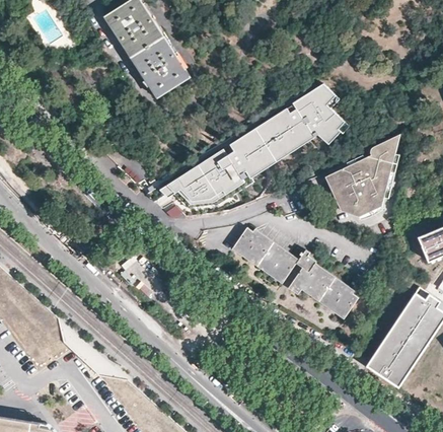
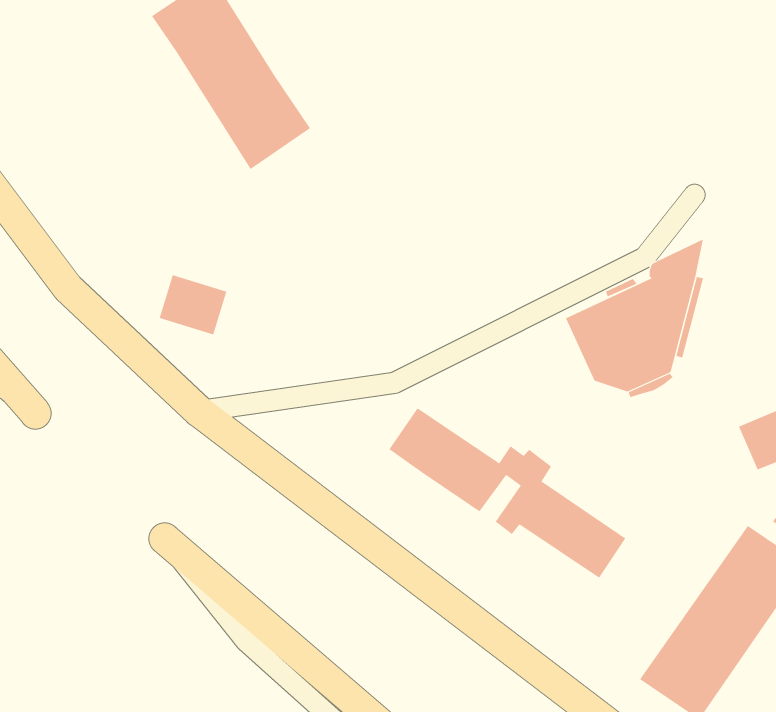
building: [156,85,348,210] -> none

